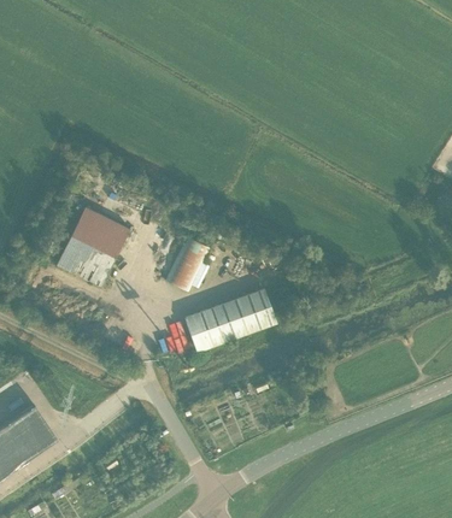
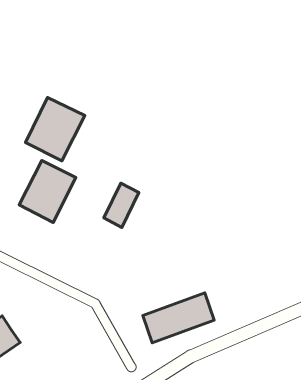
building: none -> [25,98,85,161]
building: [184,288,276,352] -> [143,293,214,343]

